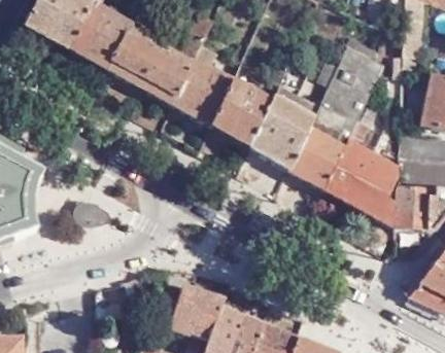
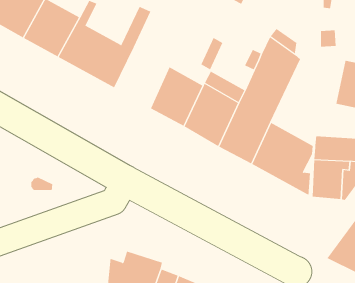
building: [171,57,233,126] -> none

